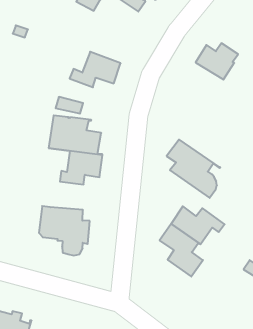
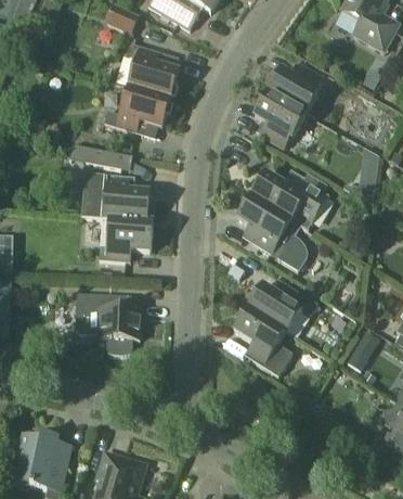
building: none -> [129,42,179,98]
building: none -> [255,91,307,145]
building: none -> [252,168,328,228]

